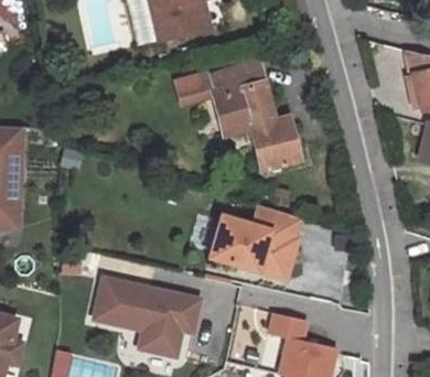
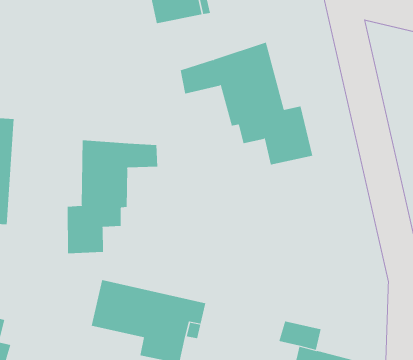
building: none -> [67,140,158,254]
building: [207,204,299,278] -> none

